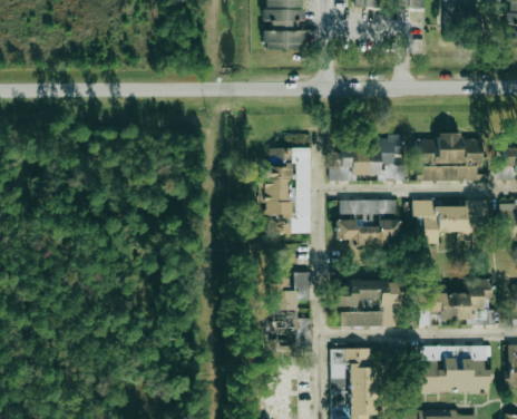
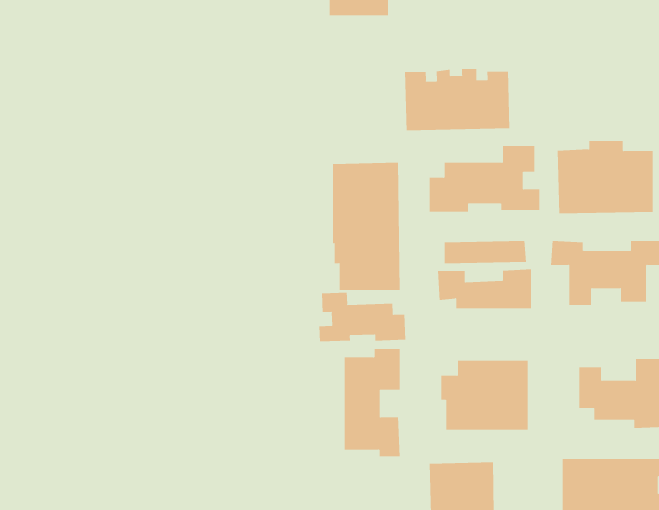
building: none -> [405,68,510,131]
building: none -> [319,292,406,342]

